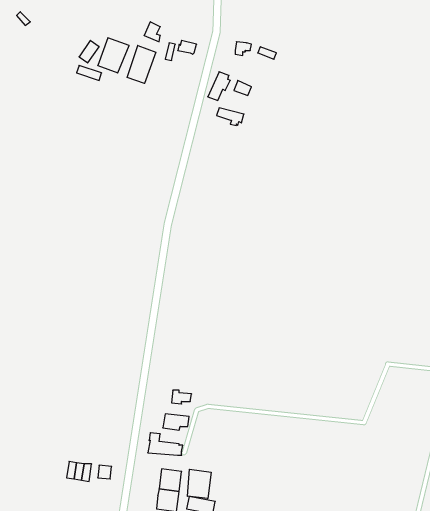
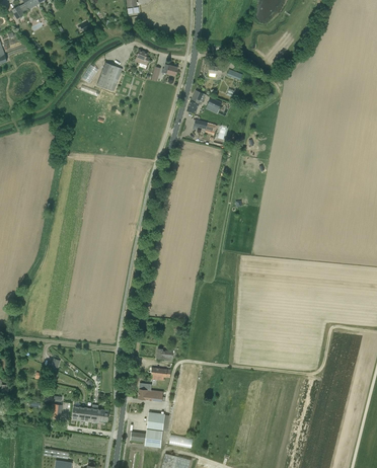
building: [127,45,156,83] -> none
building: [187,469,211,499] -> none

